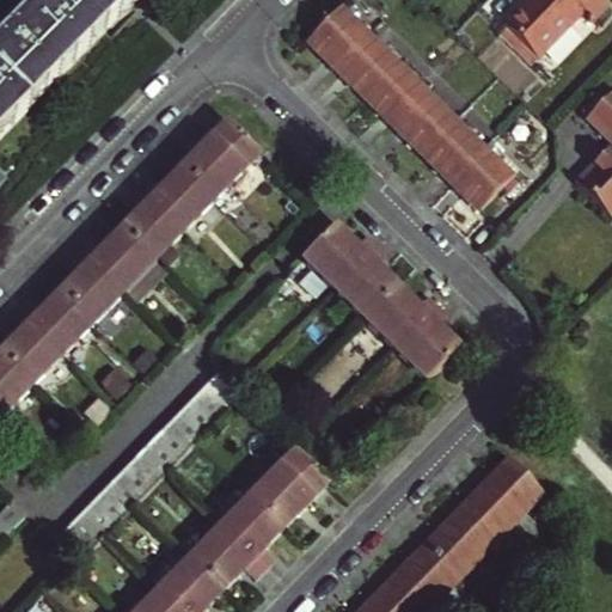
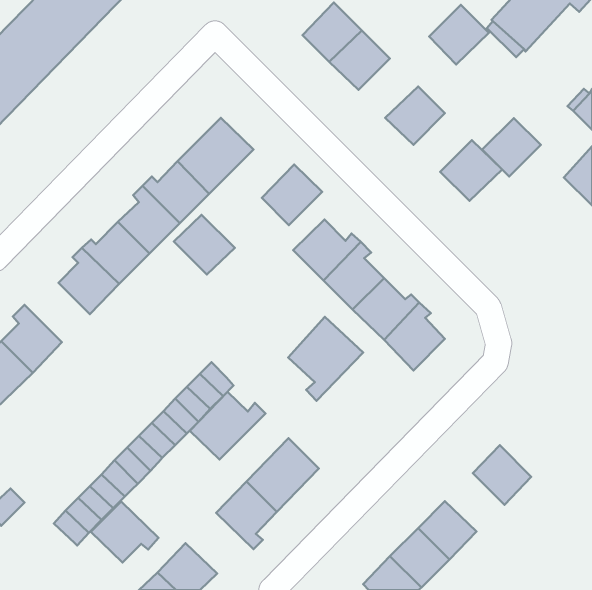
building: [367,60,428,121] -> [429,5,489,64]
building: [423,116,483,176] -> [482,118,541,176]
building: none -> [262,165,322,225]
building: none -> [174,215,235,274]
building: [25,289,92,350] -> none
building: none -> [288,317,363,401]
building: none -> [190,392,266,460]
building: [455,484,516,544] -> none
building: [190,525,259,587] -> [91,502,159,562]

